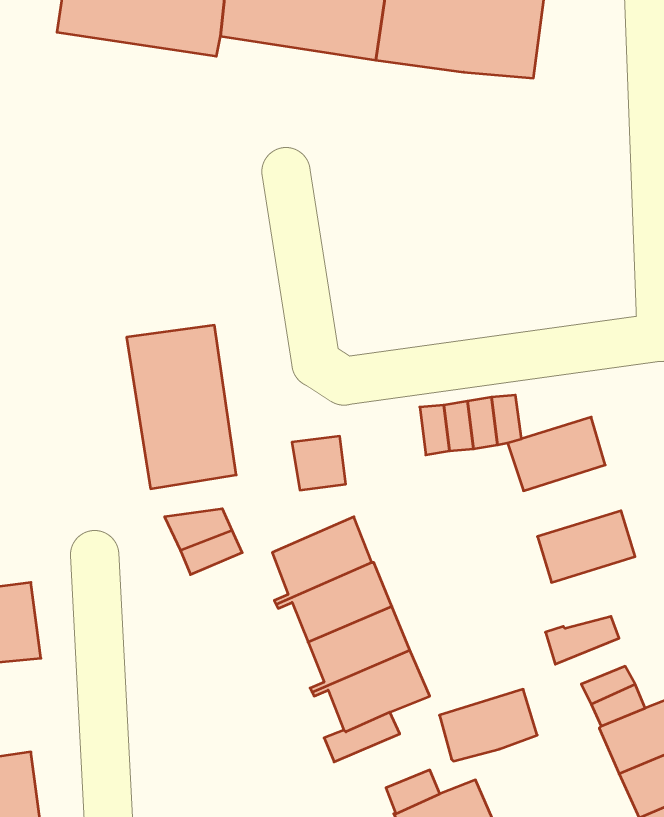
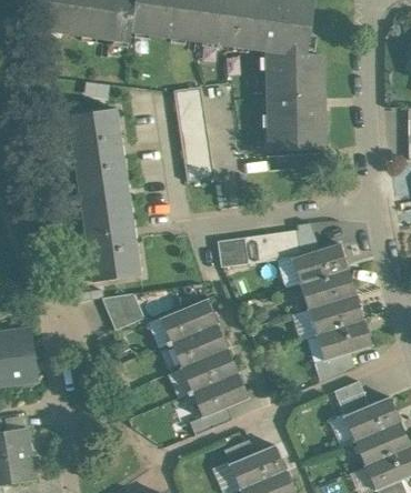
building: none -> [267,50,321,151]
building: none -> [174,83,211,179]
building: none -> [67,108,128,198]
building: [292,436,346,490] -> [215,237,245,266]
building: none -> [300,269,354,309]
building: [439,689,537,761] -> [315,320,370,360]

